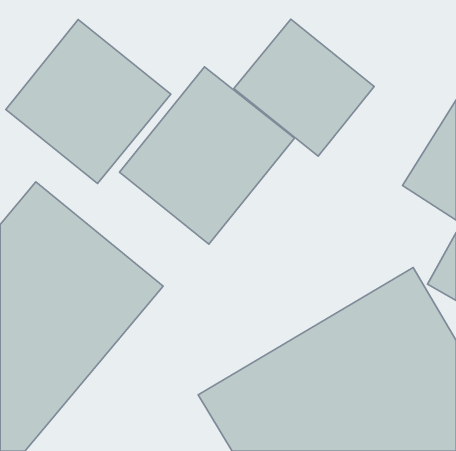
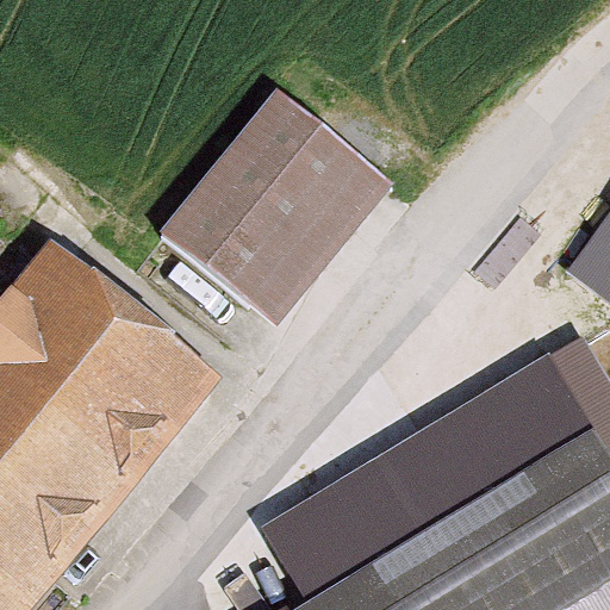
building: [234,19,374,156] -> none
building: [6,20,171,183] -> none

